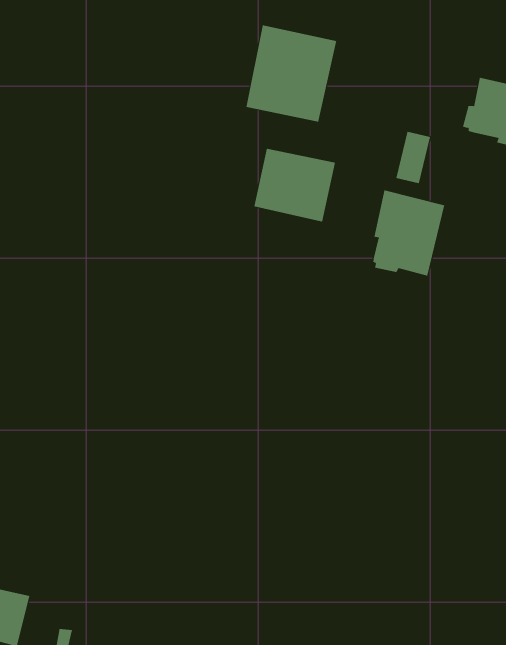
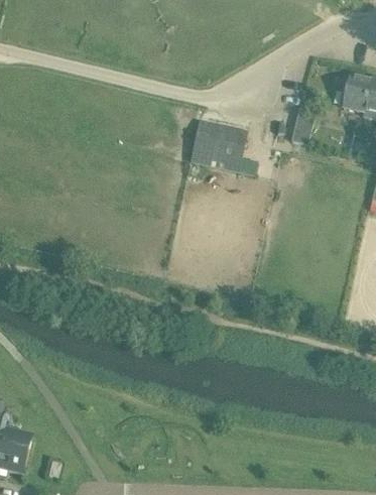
building: [246,25,337,123] -> none
building: [373,190,445,276] -> none

